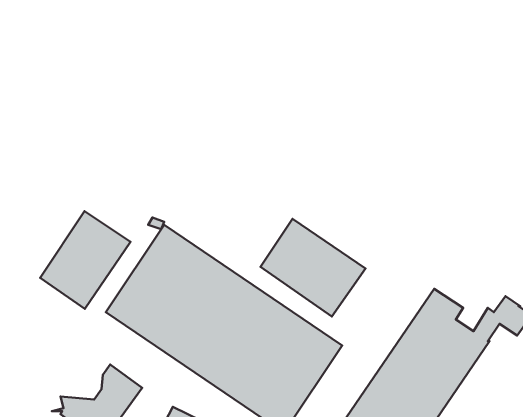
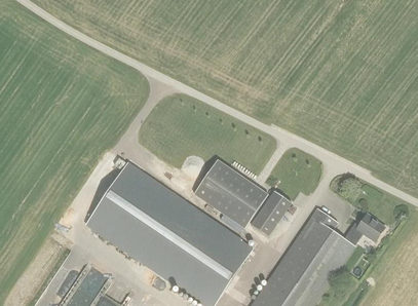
building: [40,211,131,309] -> none
building: none -> [251,190,291,236]

